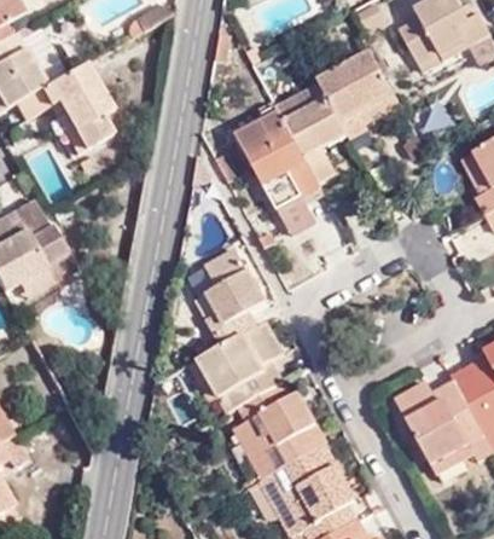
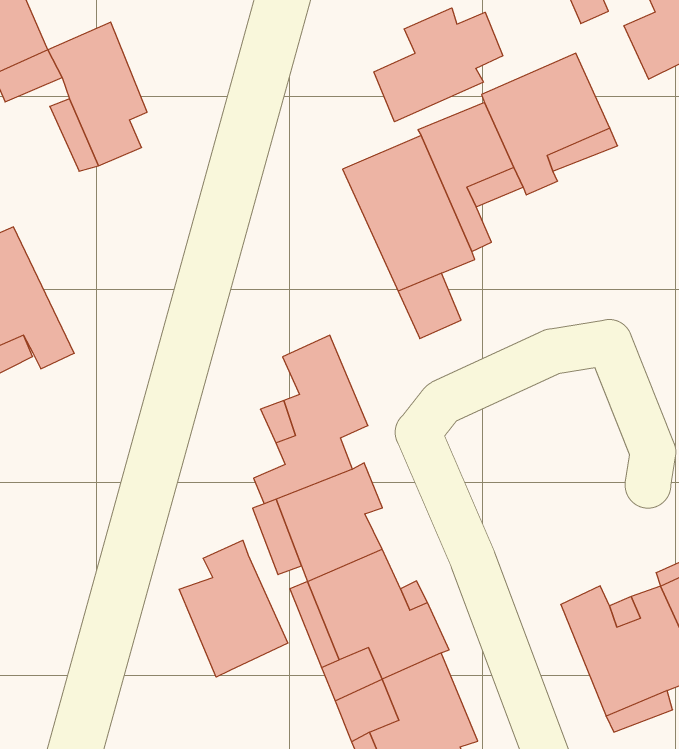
building: none -> [374,8,503,122]
building: none -> [179,540,288,677]

